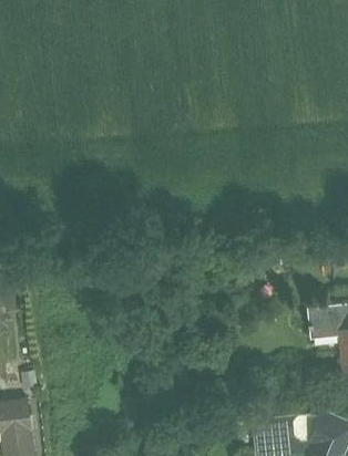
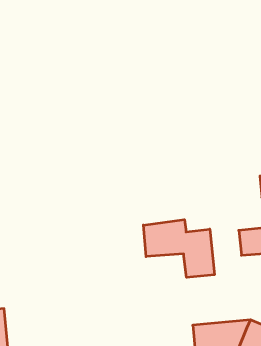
building: none -> [143,220,214,277]

